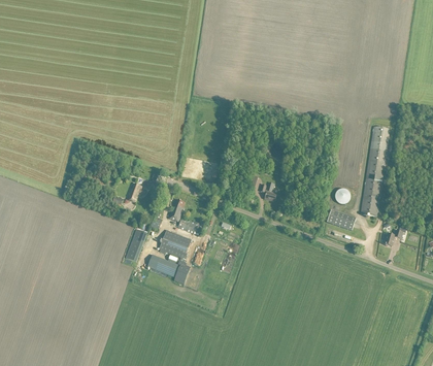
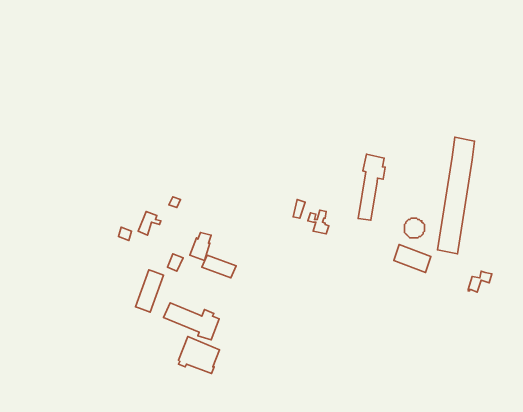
building: none -> [358,154,385,220]
building: [159,230,191,259] -> [178,336,219,374]

